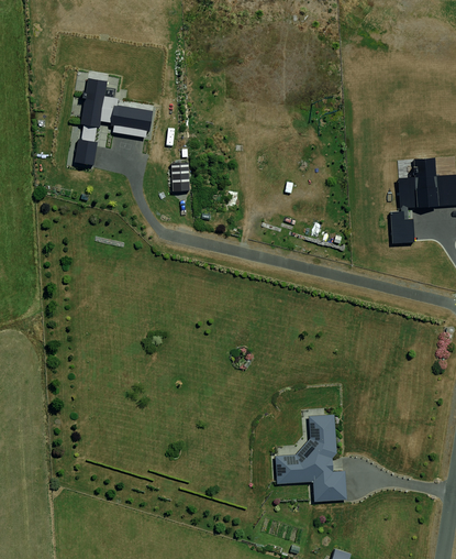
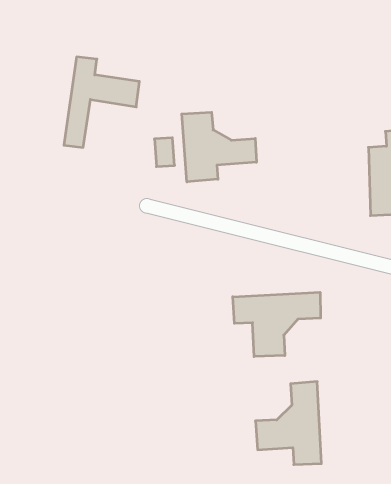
building: none -> [182,112,256,182]
building: none -> [233,292,321,357]

